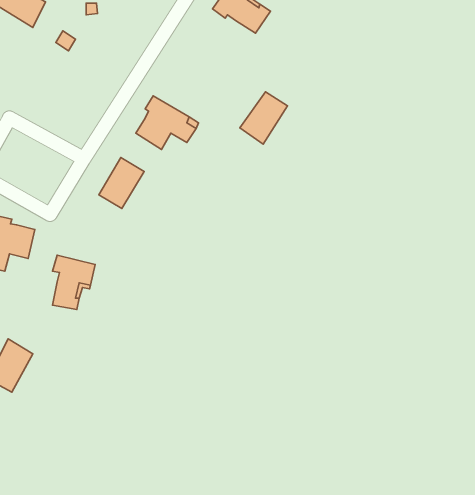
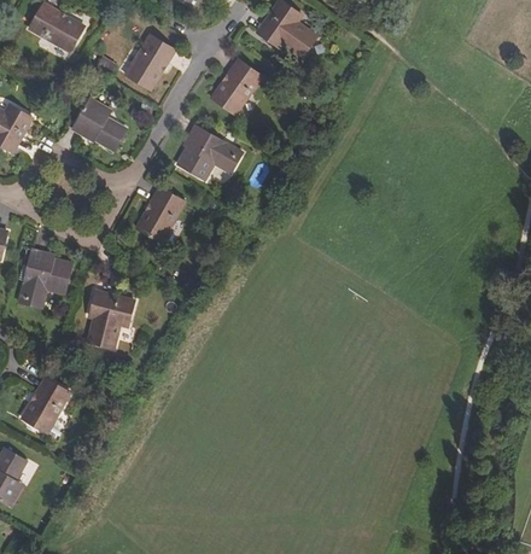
building: none -> [124,30,173,84]
building: none -> [71,100,124,150]
building: [240,92,288,144] -> [212,62,262,116]

